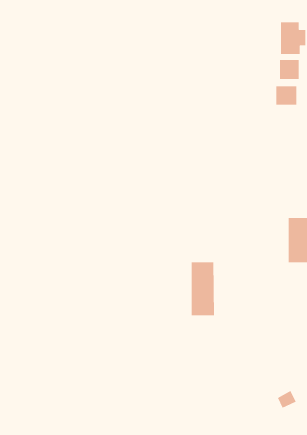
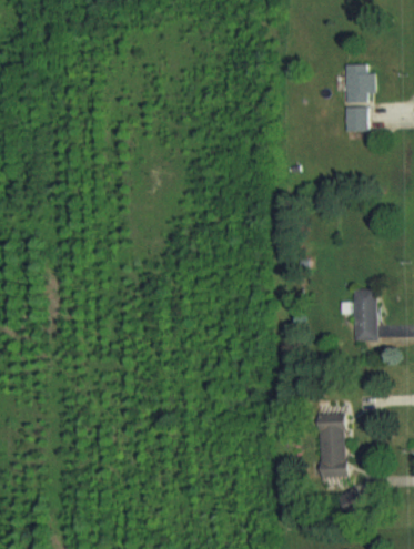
building: [276,85,297,106] -> none
building: [191,262,215,316] -> [320,415,347,477]

